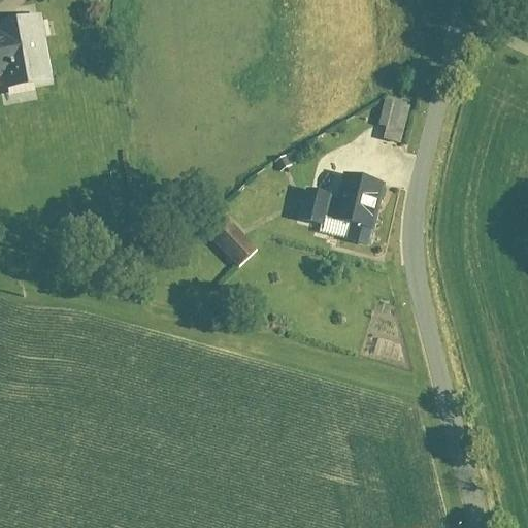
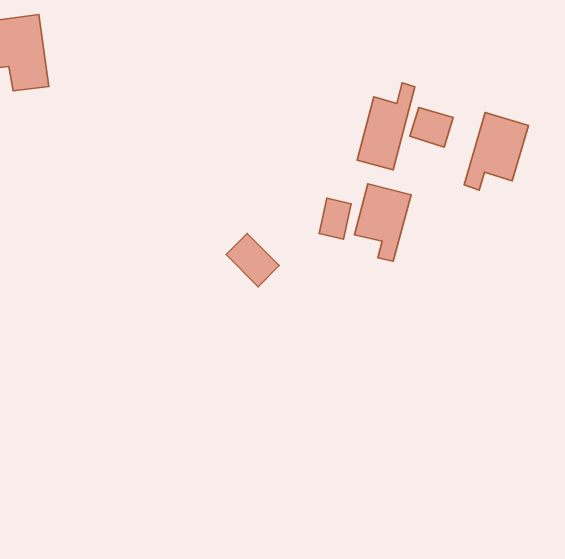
building: none -> [357,83,415,170]
building: none -> [464,112,528,190]

